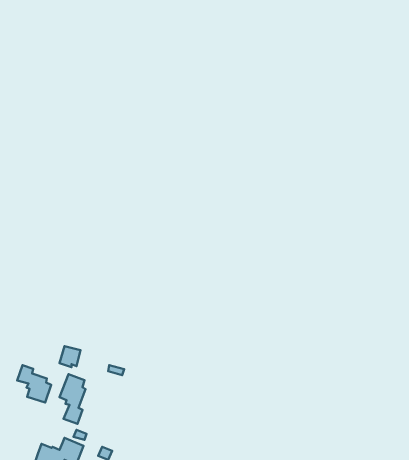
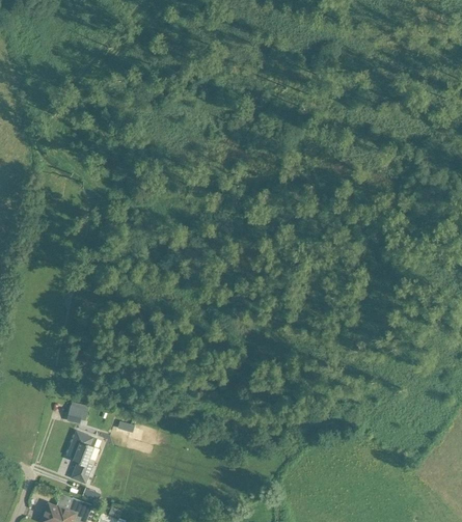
building: [17,365,51,403] -> none

